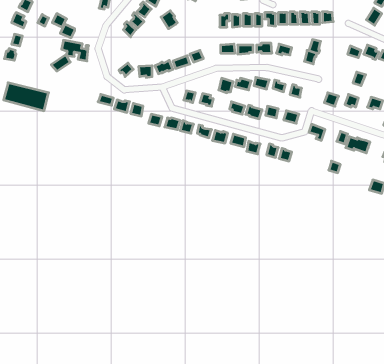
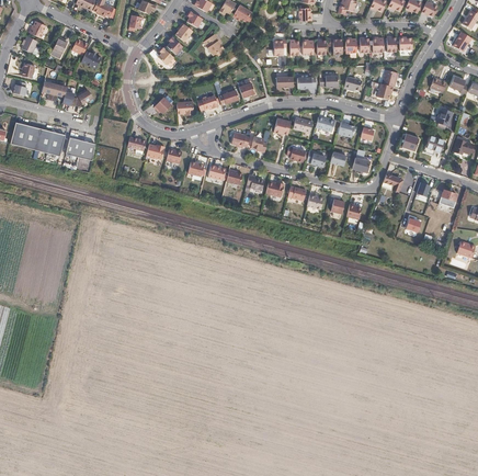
building: [62,40,89,61] -> [41,80,73,105]
building: none -> [66,137,95,159]

